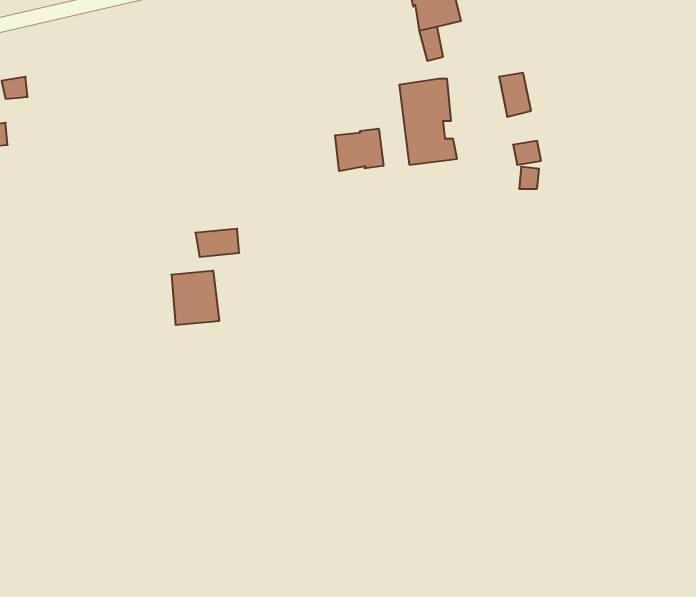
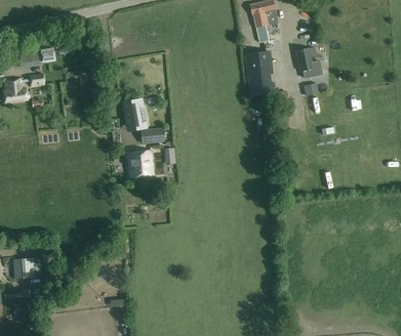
building: [335,129,383,171] -> none
building: none -> [124,98,147,129]

